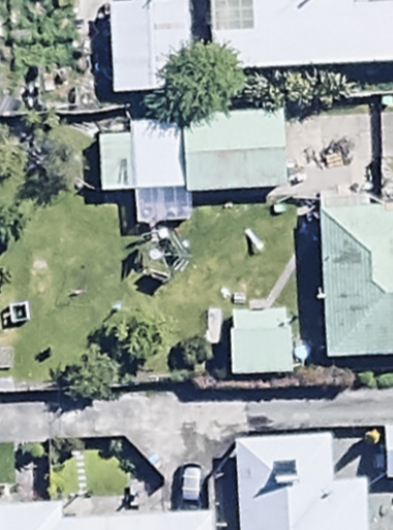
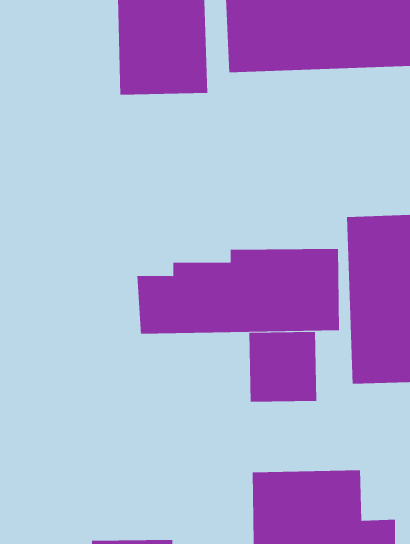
building: [98,110,285,188] -> [137,249,340,334]

